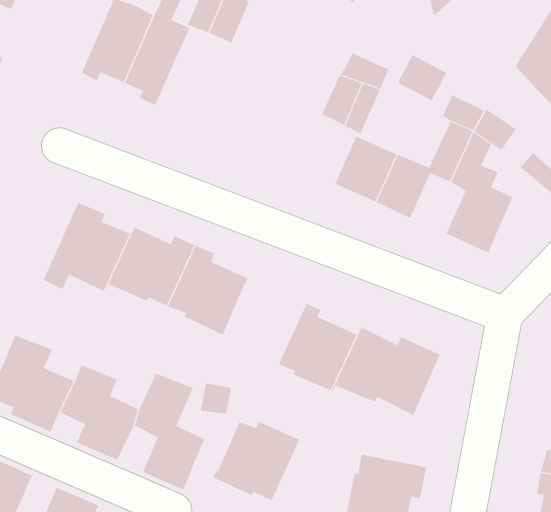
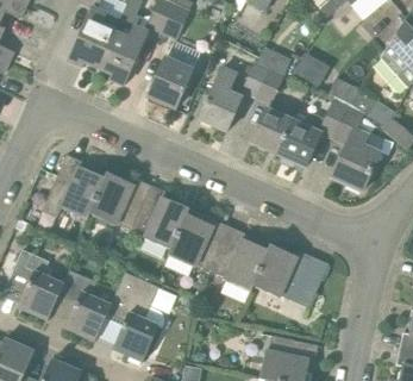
building: none -> [146,49,196,110]
building: none -> [199,64,243,130]
building: [213,421,300,501] -> [168,213,231,270]

